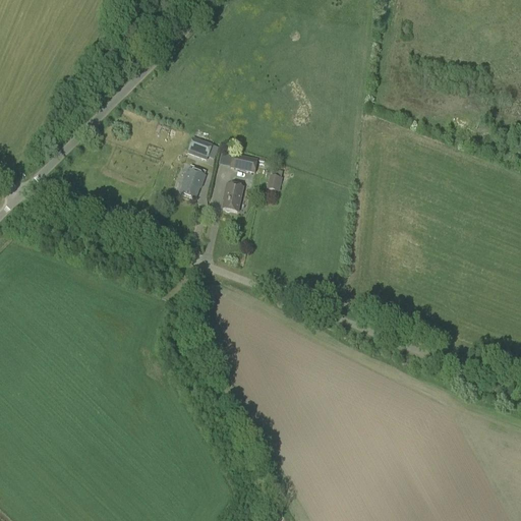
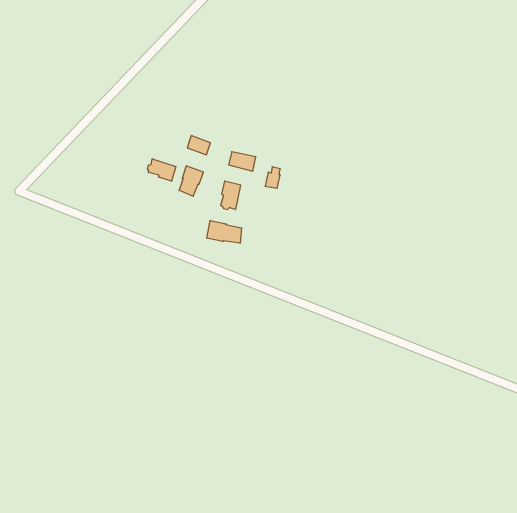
building: none -> [147,159,176,181]
building: none -> [207,220,242,243]

